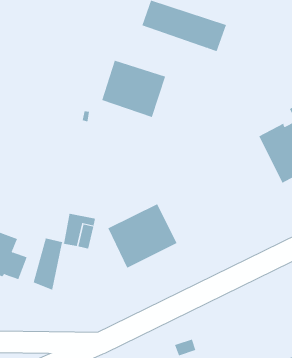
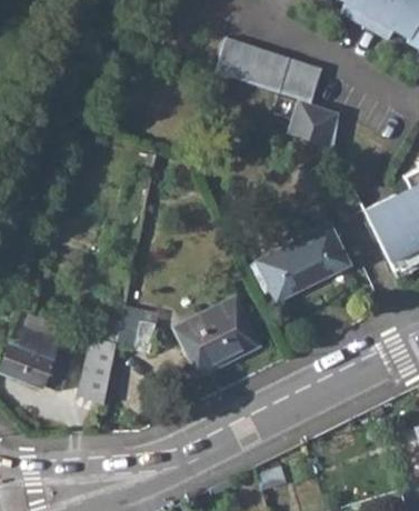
building: none -> [287,99,339,148]
building: [101,60,166,118] -> none
building: none -> [255,223,349,301]

